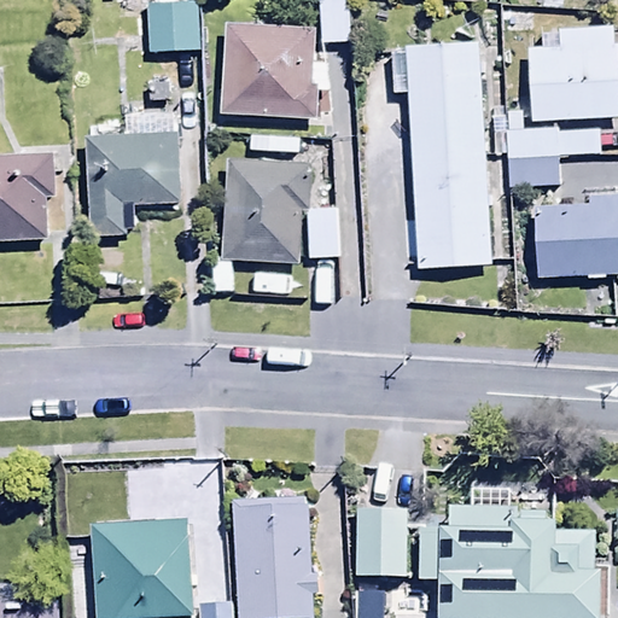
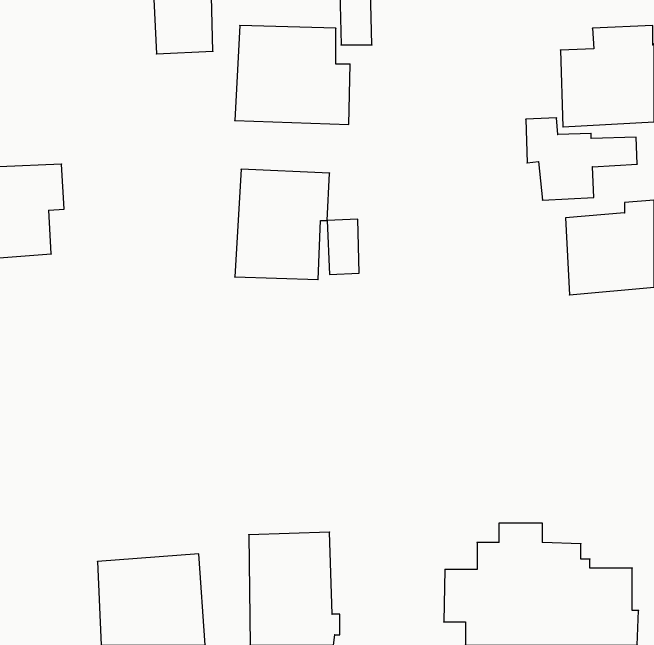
building: [392,45,491,268] -> none
building: [86,113,177,237] -> none
building: [356,508,409,589] -> none

